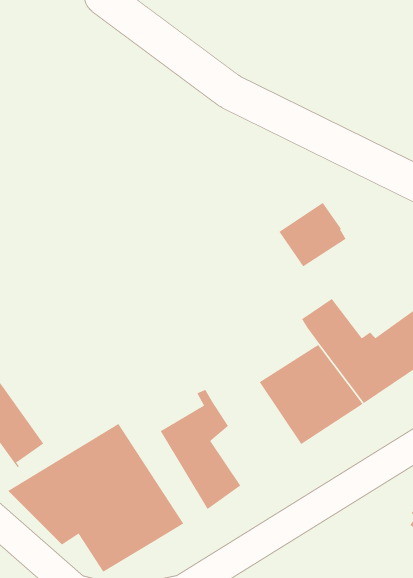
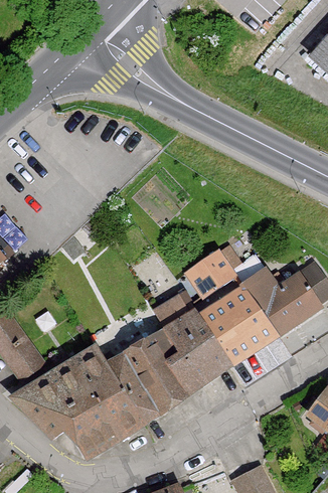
building: [278,202,346,267] -> [185,251,235,299]
building: none -> [155,289,231,394]
building: none -> [97,347,162,423]

